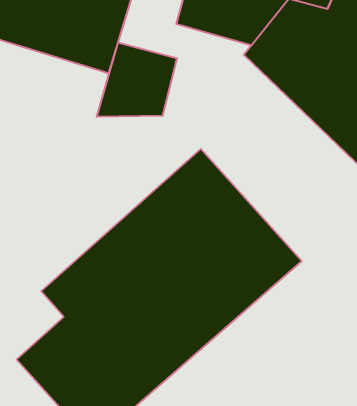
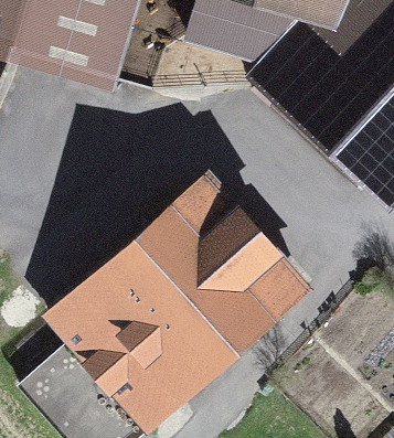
building: [97,42,177,117] -> none

